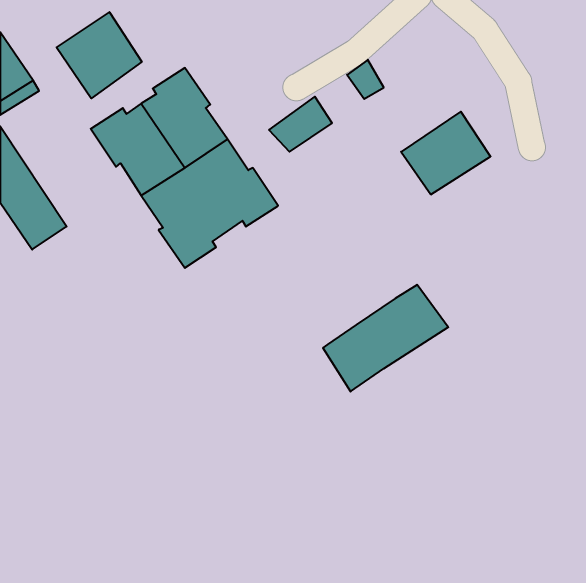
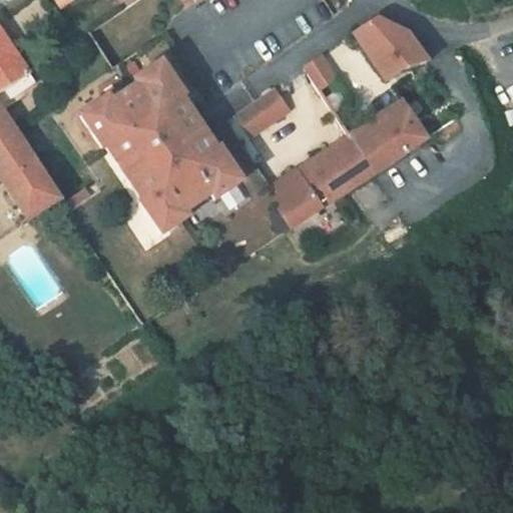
building: [57,12,142,98] -> none
building: none -> [354,16,428,79]
building: [323,285,448,392] -> [268,132,377,225]

